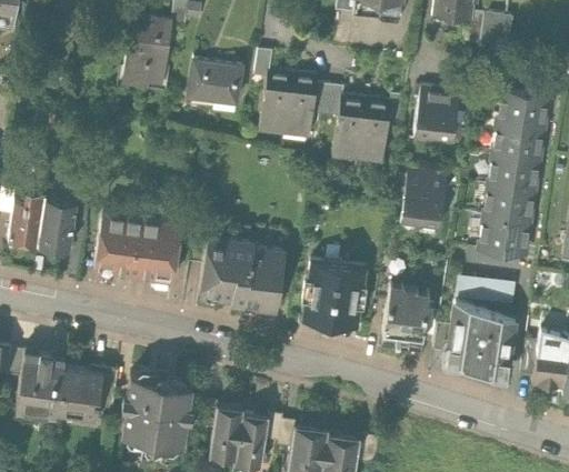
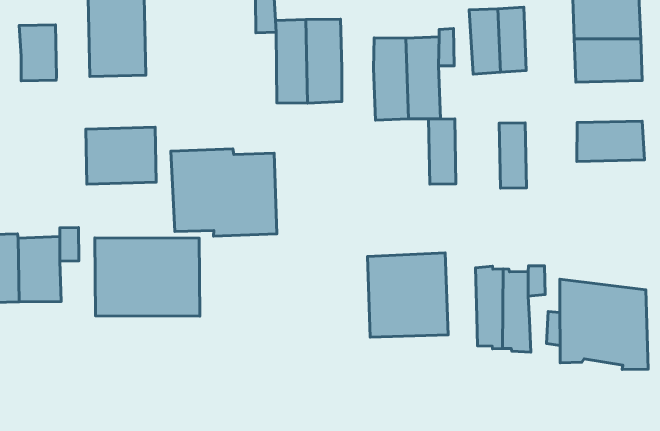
building: none -> [19,25,57,81]
building: [184,53,244,103] -> [86,127,156,184]
building: [315,84,343,118] -> none
building: [488,155,543,194] -> none
building: [400,173,428,227] -> [429,119,456,184]
building: [478,217,535,260] -> none
building: [198,234,284,312] -> [171,149,277,236]
building: [456,278,517,307] -> none

